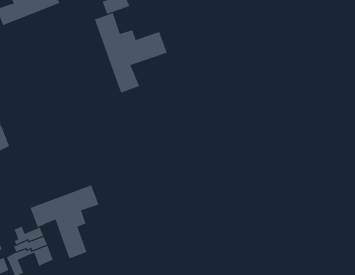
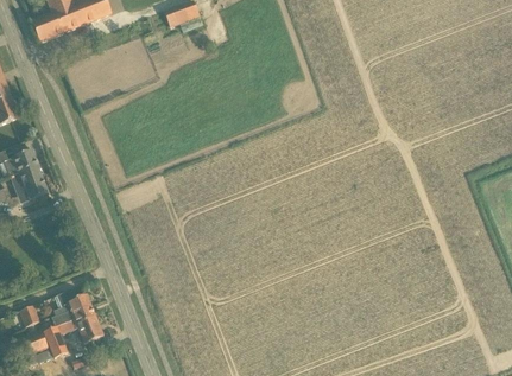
building: [94,12,168,93] -> none
building: [30,184,99,259] -> none

